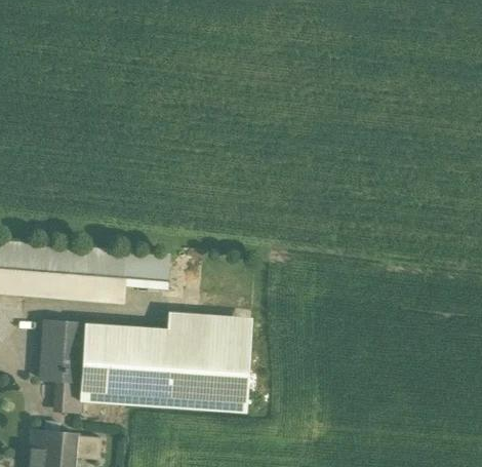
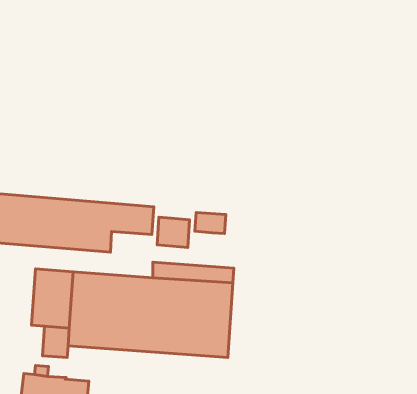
building: none -> [195,212,226,234]
building: none -> [157,217,190,247]

